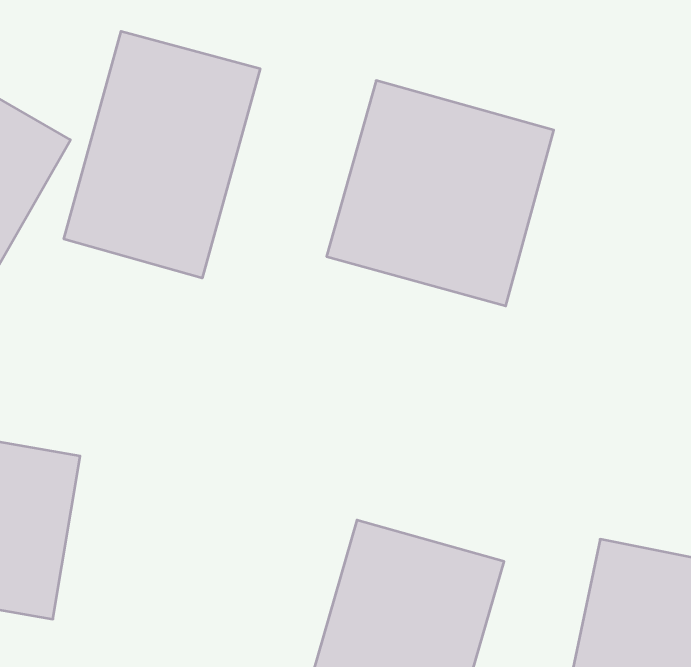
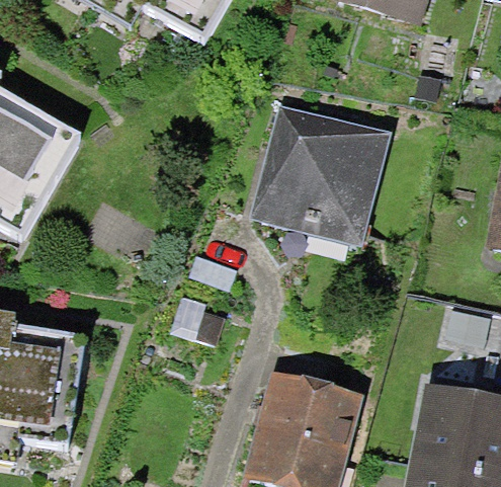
building: [64,31,260,278] -> none

